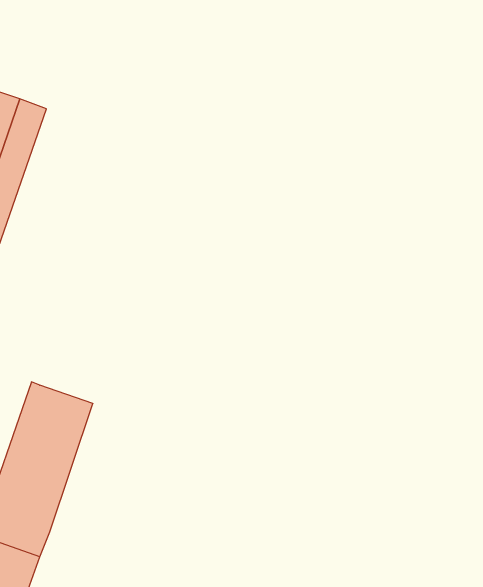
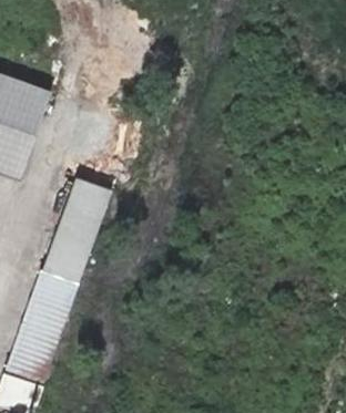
building: none -> [45,186,111,286]

